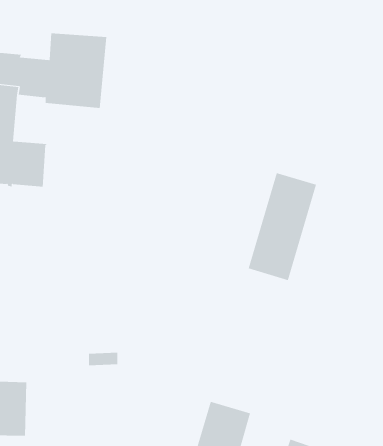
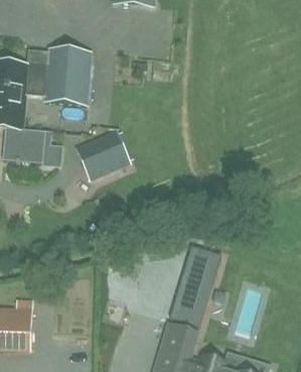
building: none -> [78,131,128,176]
building: [248,172,317,281] -> [169,244,220,325]

